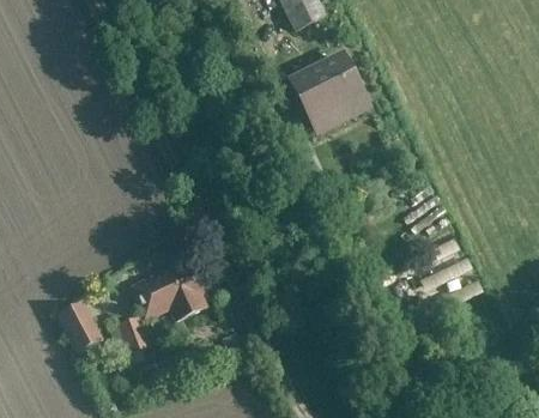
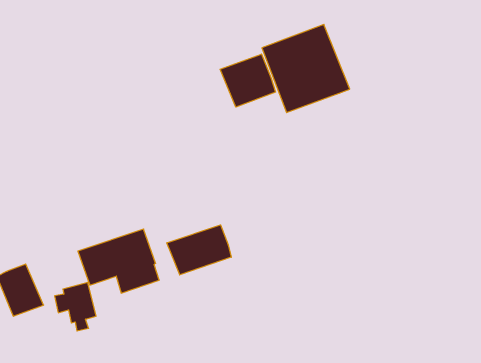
building: none -> [220,54,276,107]
building: none -> [167,225,231,275]

